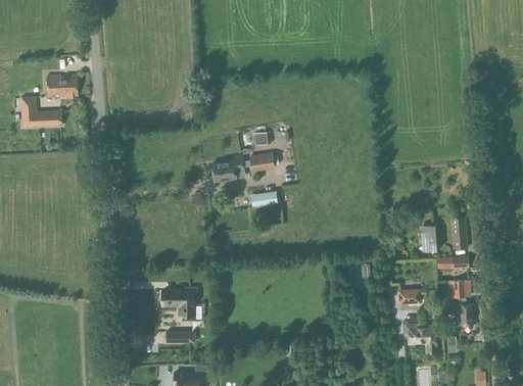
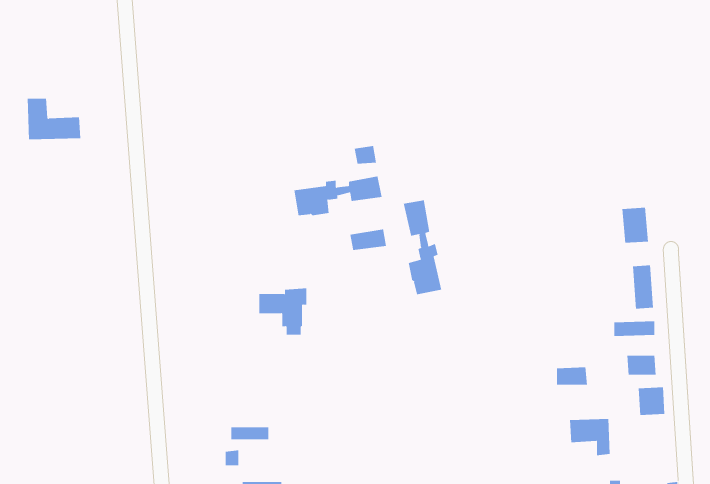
building: [48,74,78,97] -> none
building: none -> [403,200,442,295]
building: [421,225,440,250] -> [622,207,649,243]
building: [163,285,198,319] -> [258,288,307,335]

